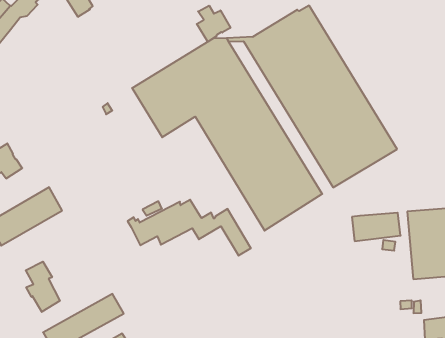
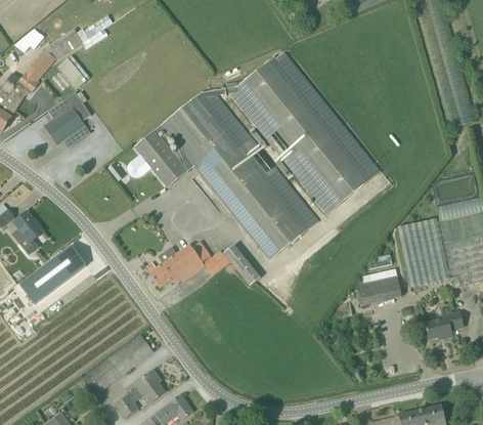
building: [197,6,230,42] -> none
building: none -> [44,90,91,144]
building: [352,213,401,241] -> [356,274,402,305]
building: [26,262,60,312] -> none

